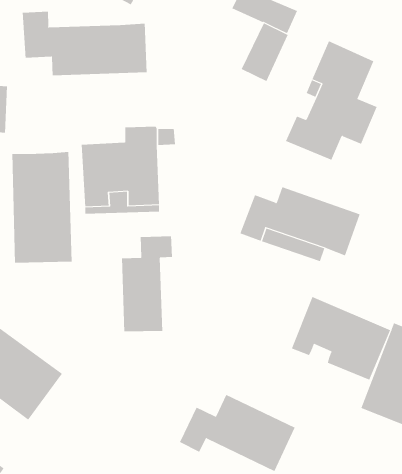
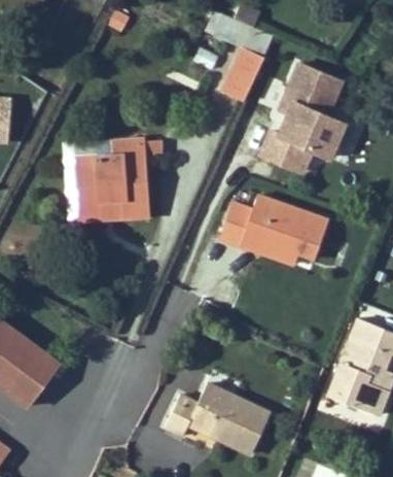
building: [22,11,147,76] -> none
building: [12,151,72,264] -> none
building: [122,235,172,332] -> none
building: [291,296,391,381] -> none

